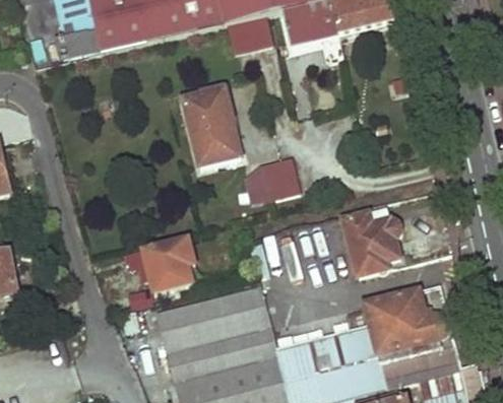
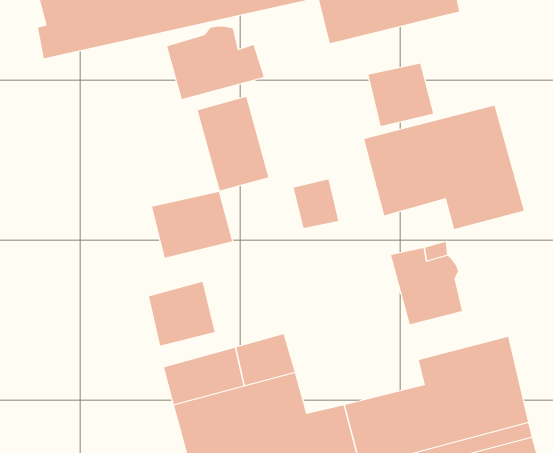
building: none -> [166,26,264,100]
building: none -> [368,63,434,127]
building: none -> [364,105,525,230]
building: none -> [152,191,233,258]

